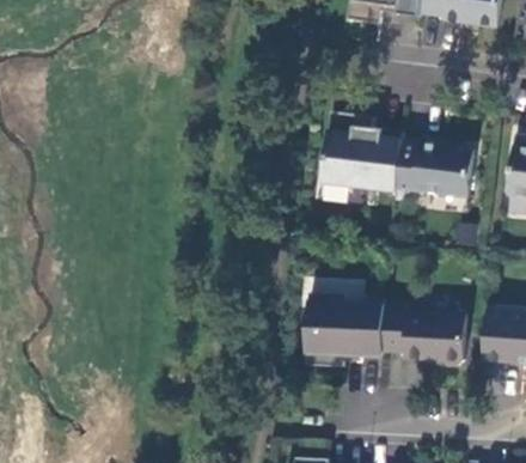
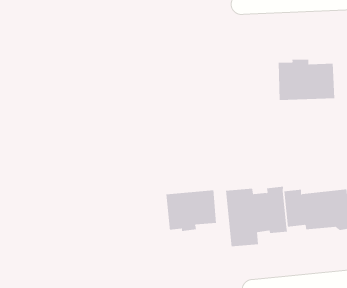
building: [323,111,403,190] -> none
building: none -> [166,190,217,232]

